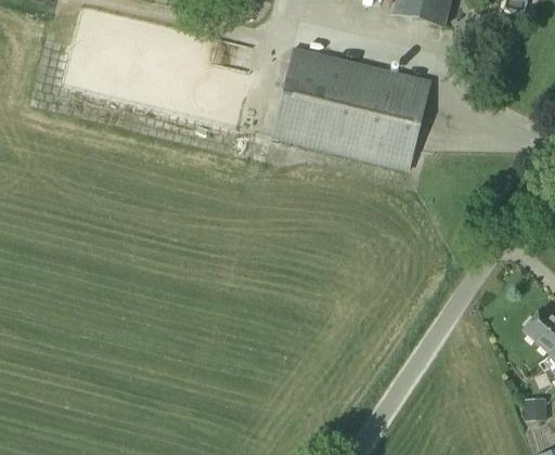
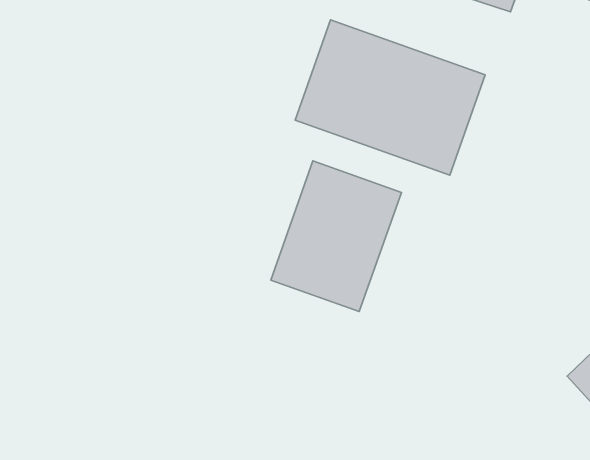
building: none -> [271,161,401,312]

